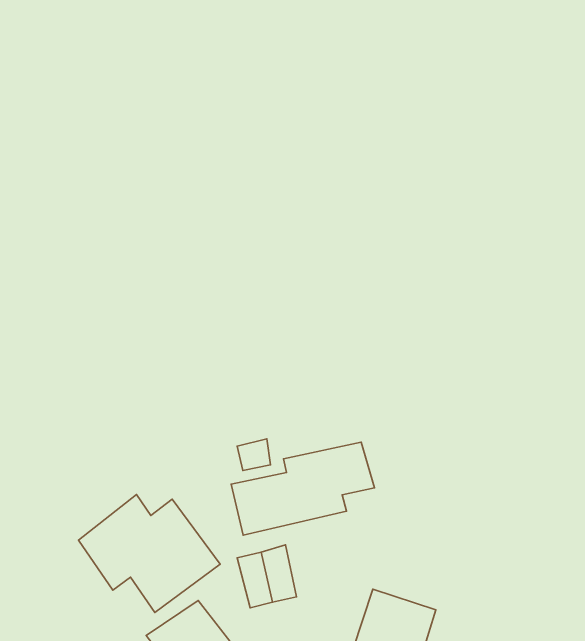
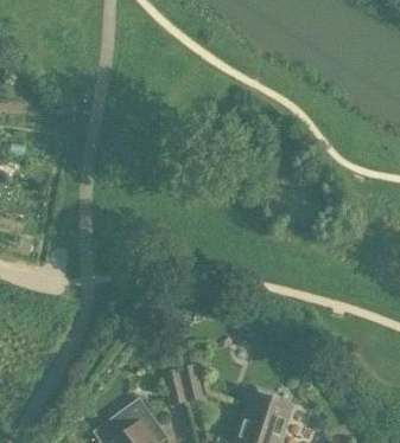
building: [231,442,375,535] -> none
building: [78,495,220,613] -> none

